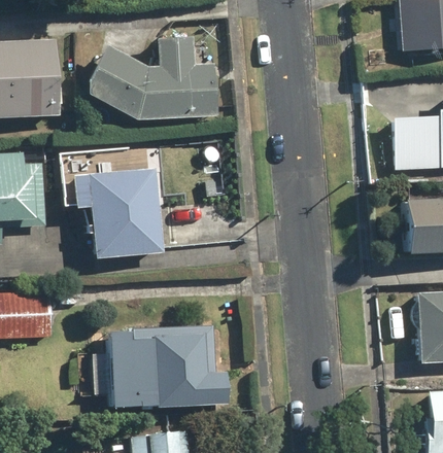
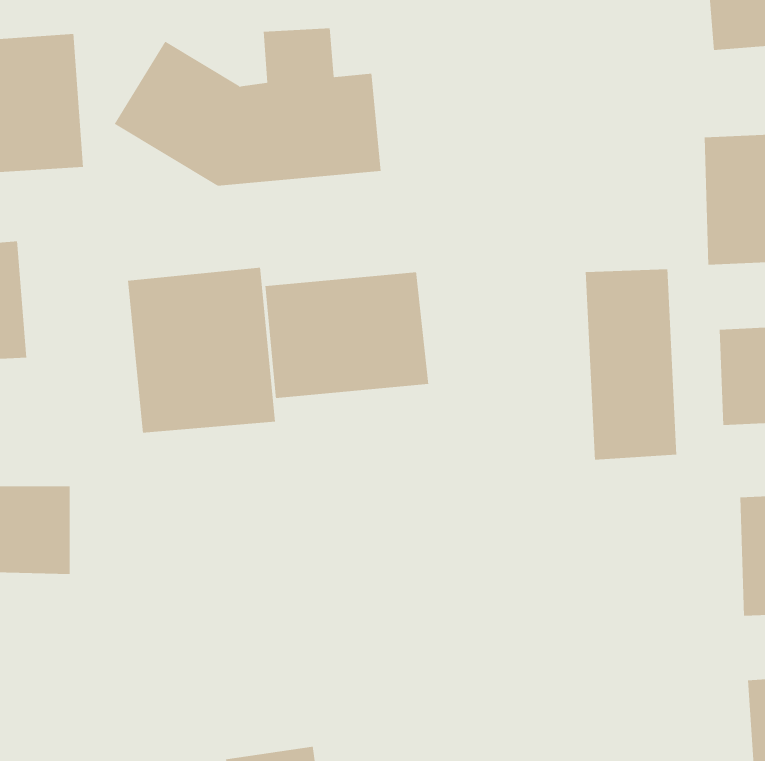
building: none -> [585,269,677,460]
building: none -> [265,271,429,399]
building: [114,326,224,405] -> none

